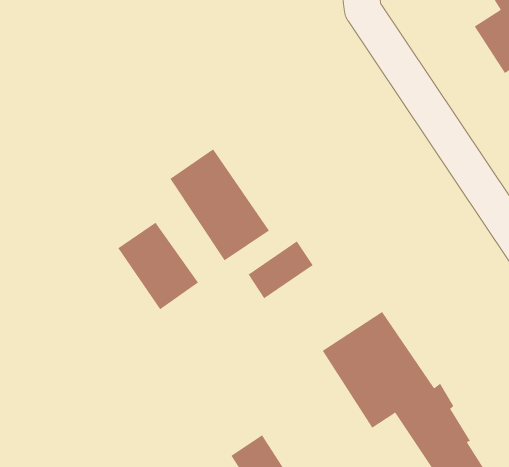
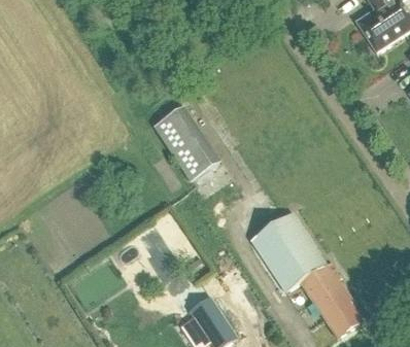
building: [117,222,199,310] -> none
building: [248,241,313,299] -> none

